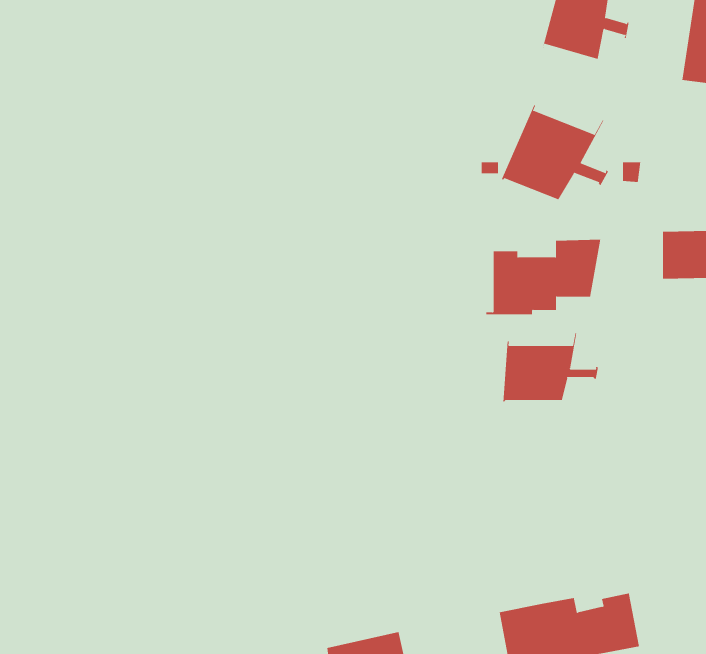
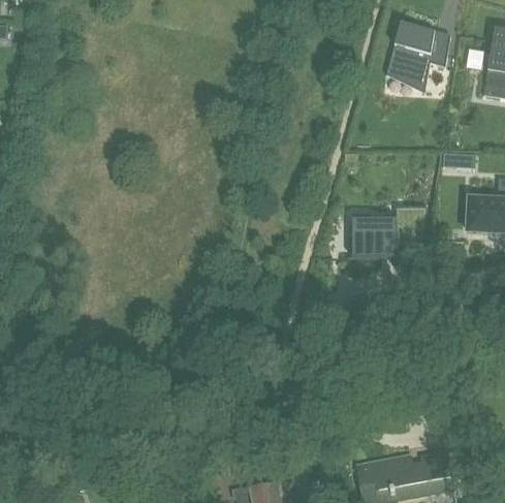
building: [501,105,609,200] -> none
building: [503,333,599,403] -> none

